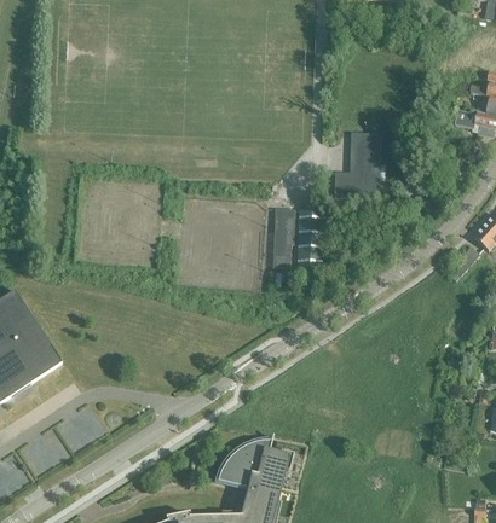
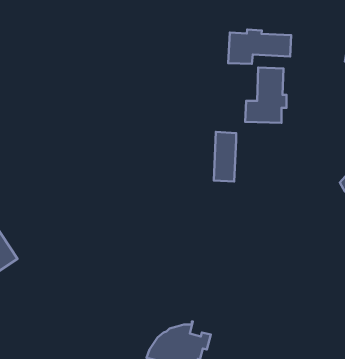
building: none -> [228,29,291,64]
building: [272,208,294,268] -> none

